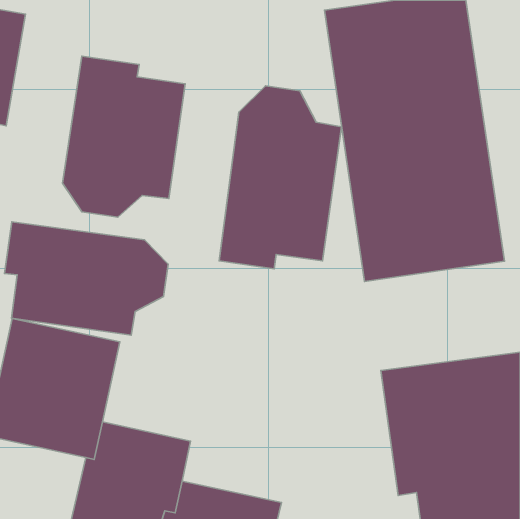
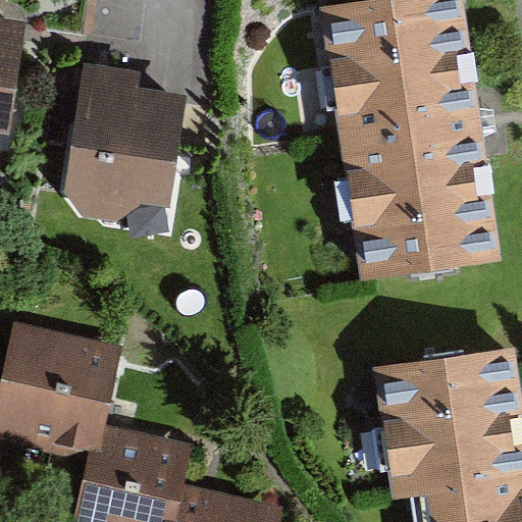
building: [219,86,342,269] -> none
building: [4,222,168,335] -> none

